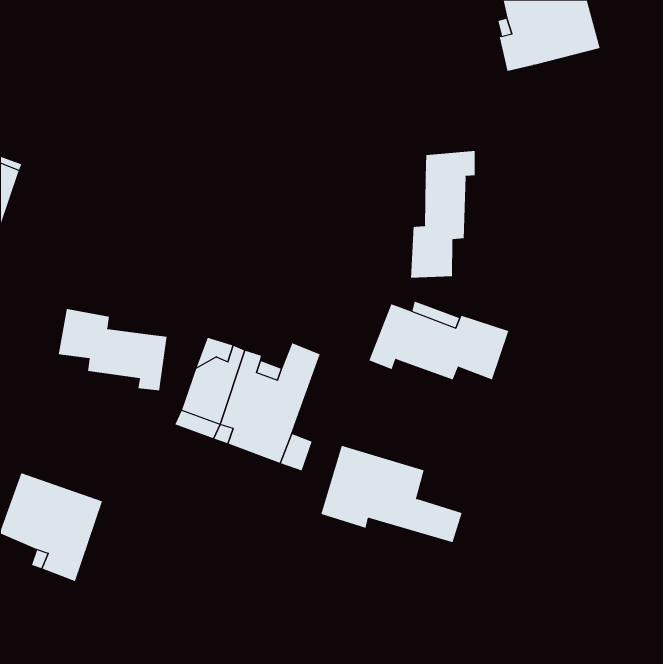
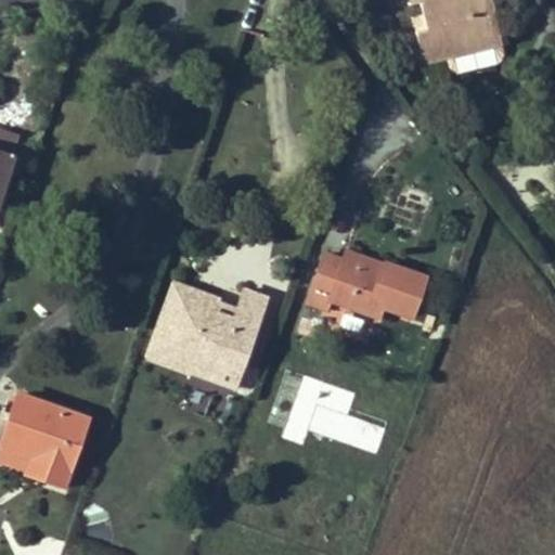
building: [410,150,475,278] -> none
building: [58,308,167,391] -> none

